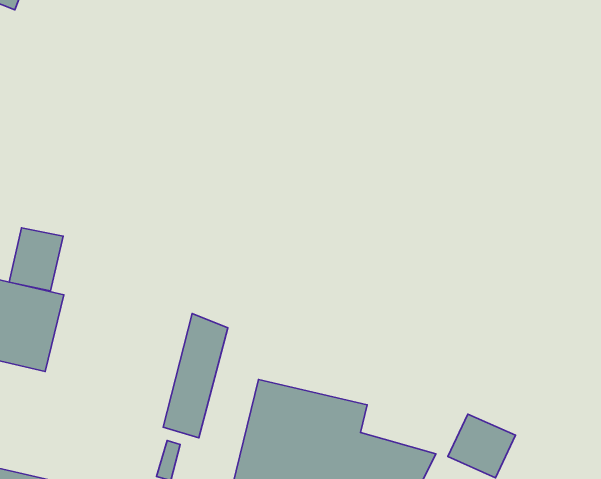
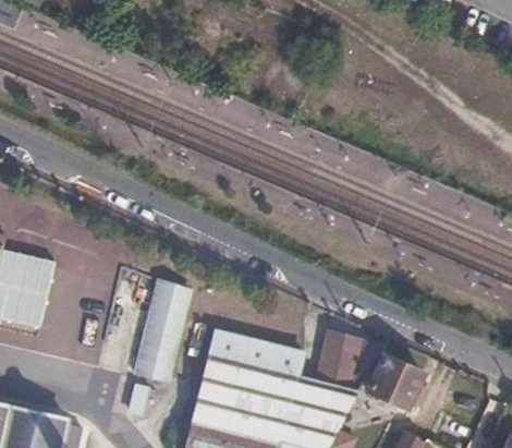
building: [9,228,63,291] -> none
building: none -> [317,330,383,391]

